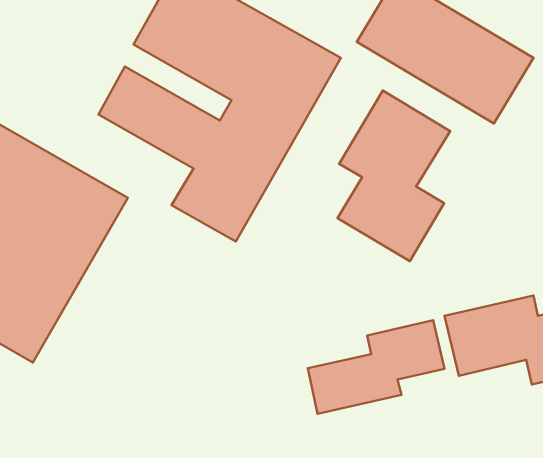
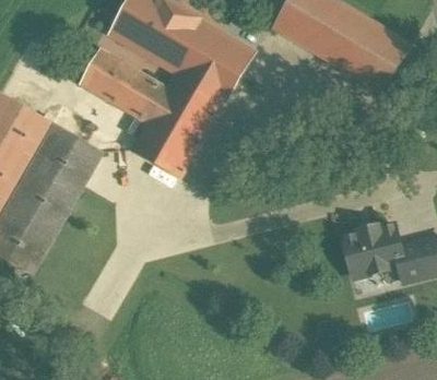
building: [337,90,450,261] -> none
building: [308,320,444,414] -> none

